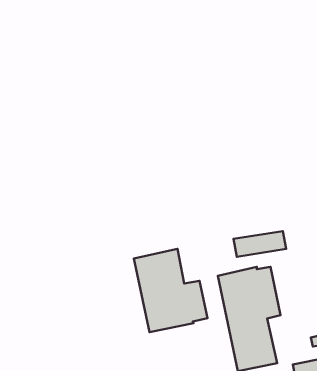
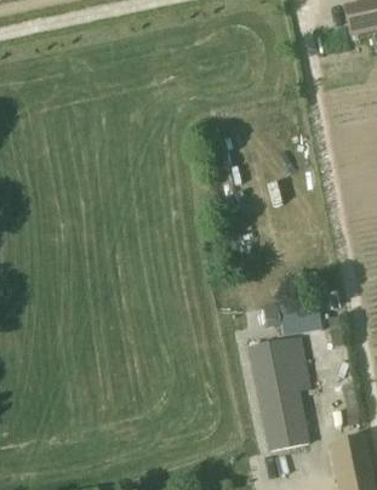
building: [134,249,208,332] -> none

